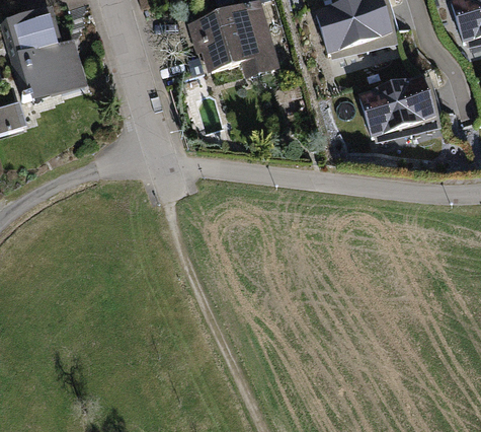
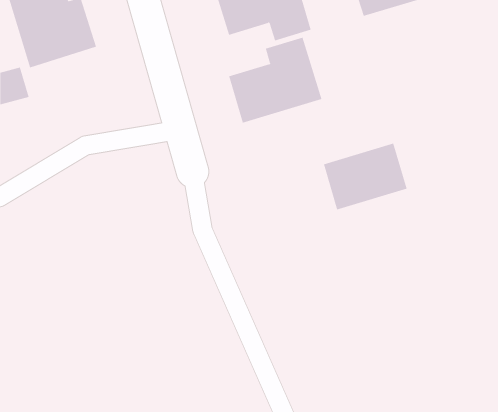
building: none -> [229,37,322,123]
building: [359,76,435,137] -> [323,143,407,210]

